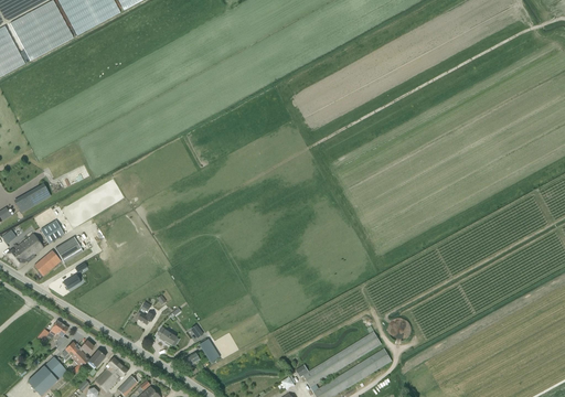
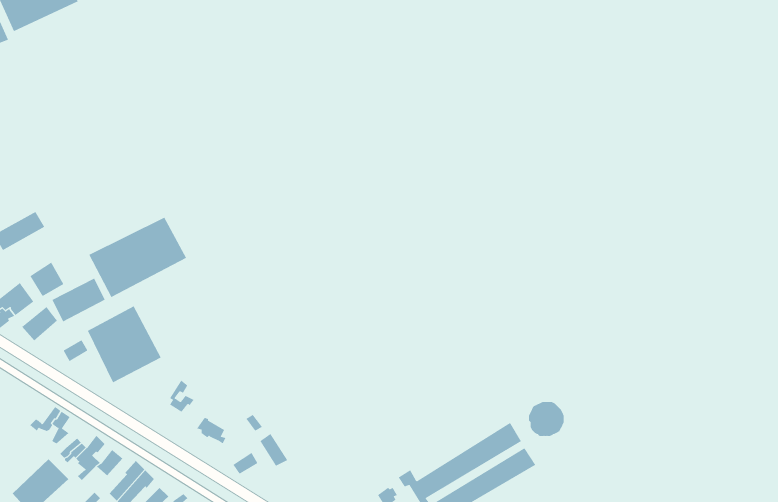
building: none -> [89,217,187,298]
building: none -> [87,306,162,383]

